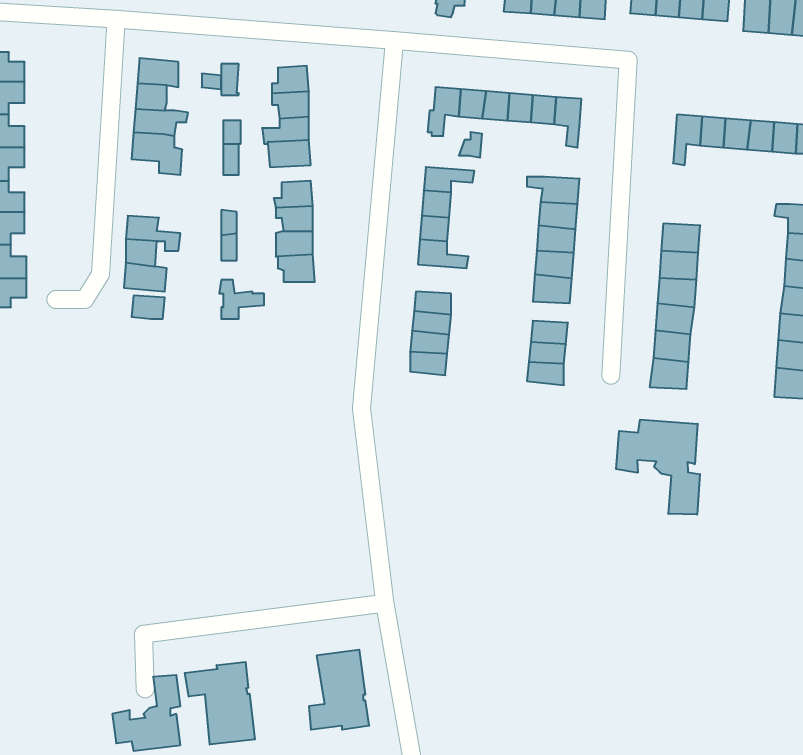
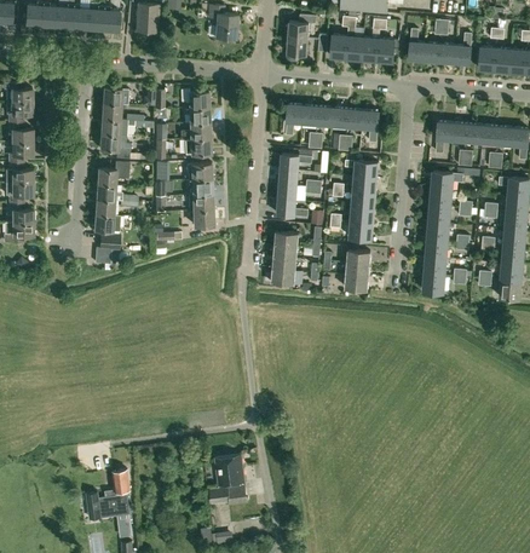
building: none -> [97,162,129,186]
building: none -> [430,168,480,191]
building: [616,420,700,515] -> none
building: [185,662,255,745] -> none

